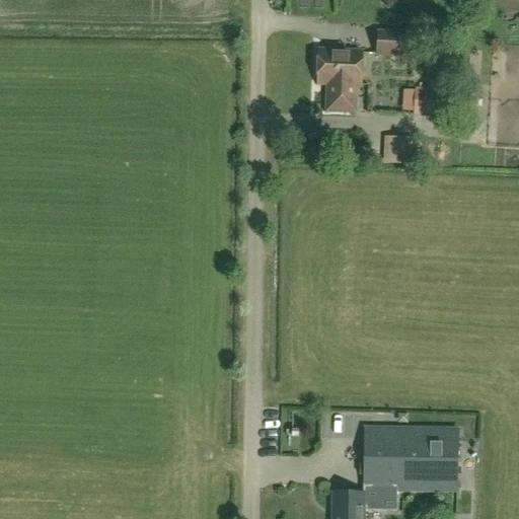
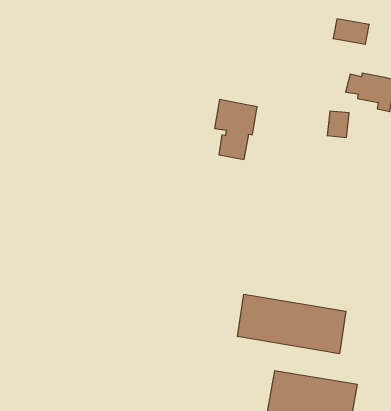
building: [317,49,361,110] -> [215,100,257,159]
building: none -> [238,294,346,354]

